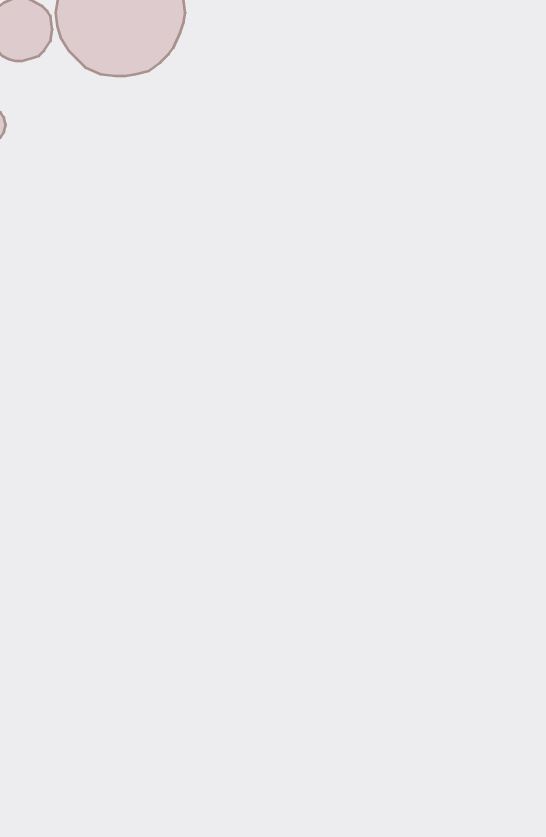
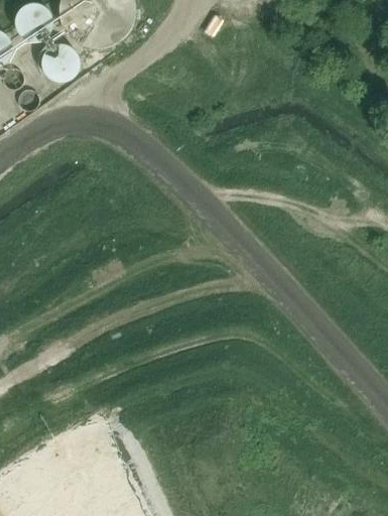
building: none -> [41,43,80,83]

